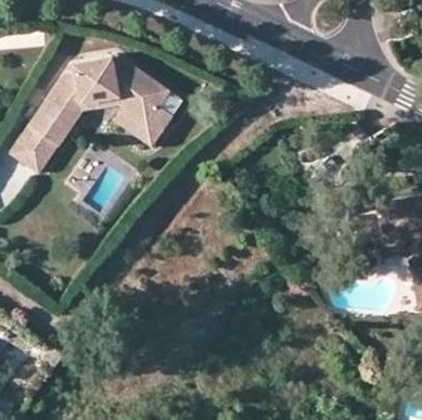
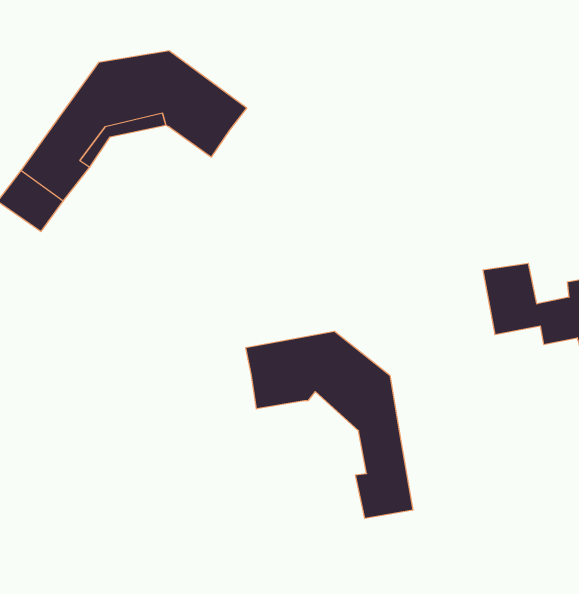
building: [113,105,170,145] -> none
building: none -> [246,331,413,518]

